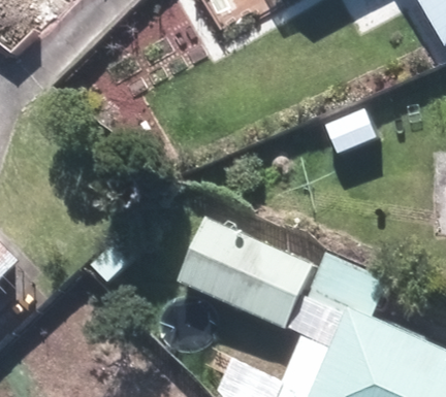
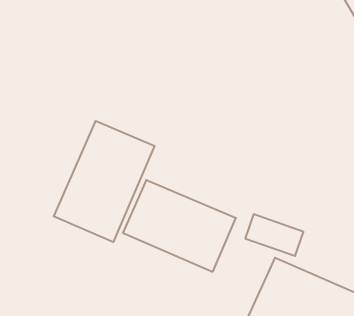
building: none -> [54,121,155,242]

